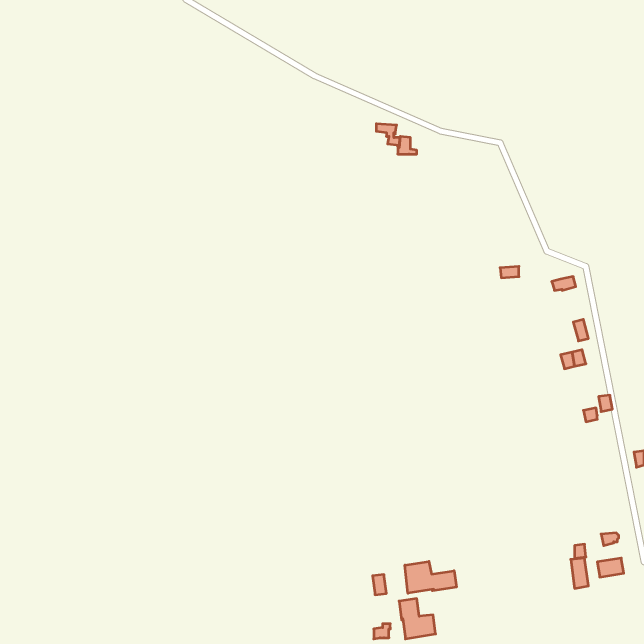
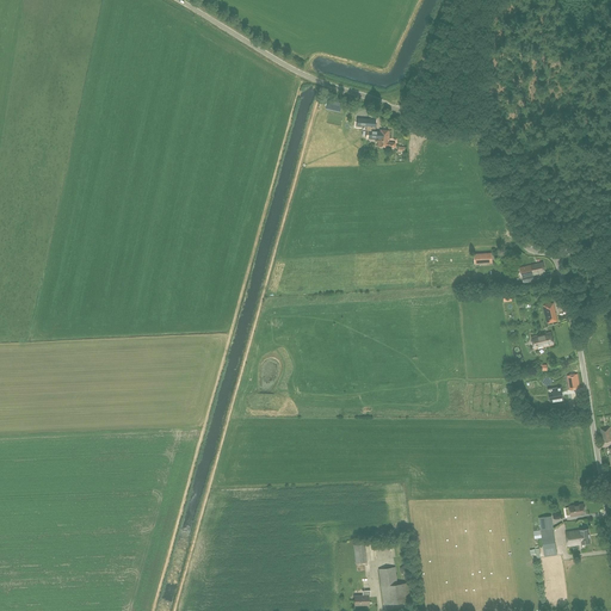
building: [405,561,456,593] -> none

